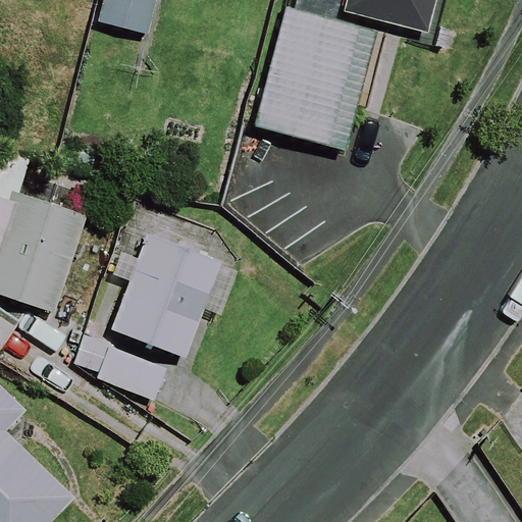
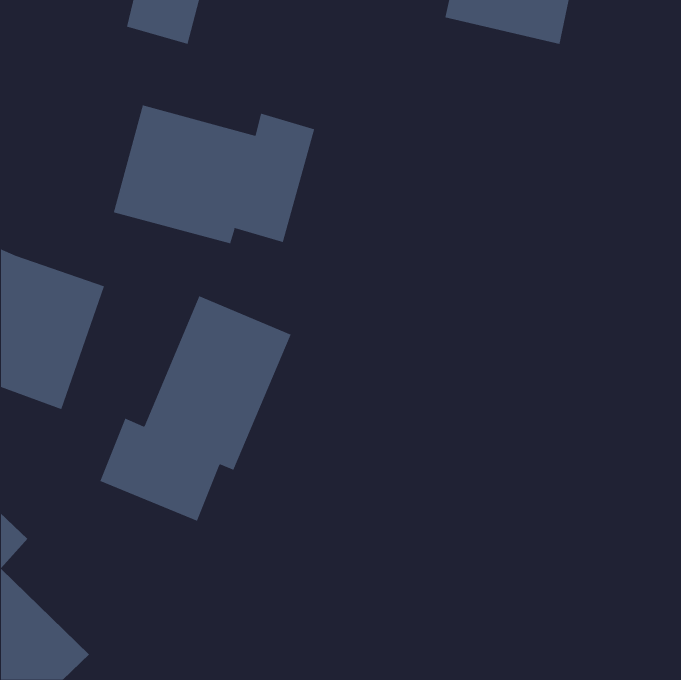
building: [253,8,374,150] -> none
building: none -> [113,104,315,244]

